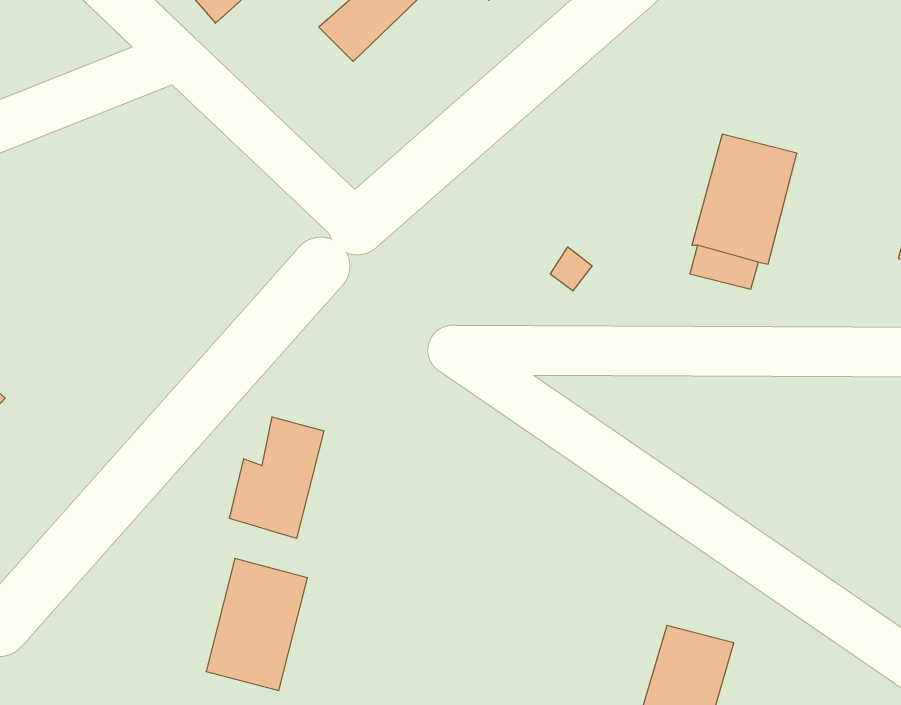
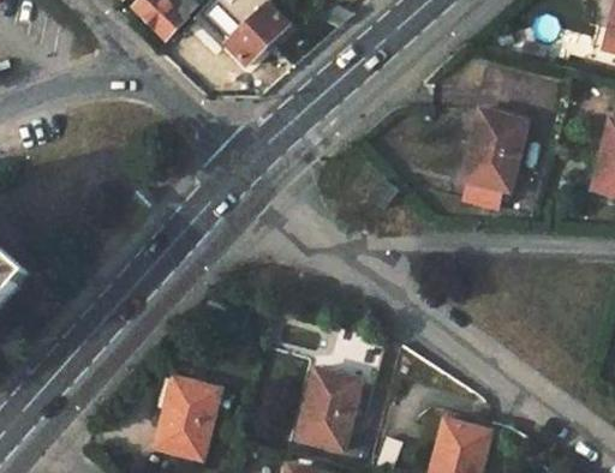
building: [229,417,324,538] -> none
building: none -> [295,367,363,451]

